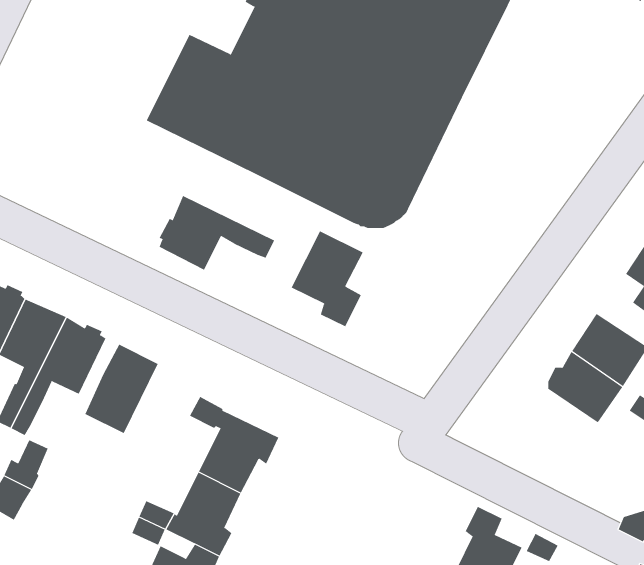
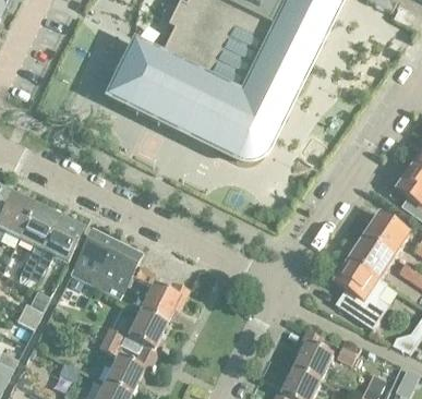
building: [159,195,275,270] -> none
building: [291,231,363,327] -> none
building: none -> [95,243,141,298]
building: none -> [336,258,390,328]

